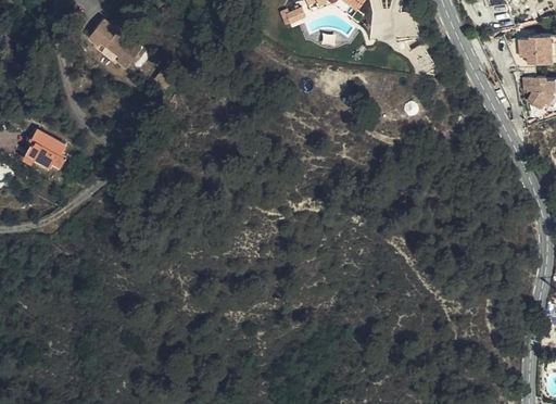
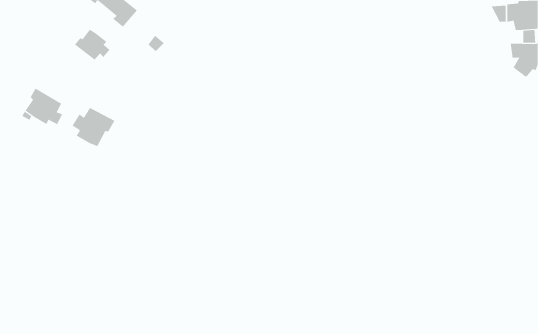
building: none -> [74,29,110,60]
building: none -> [72,107,115,147]

